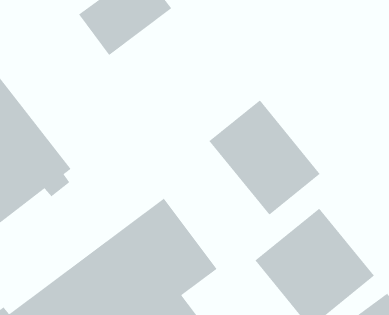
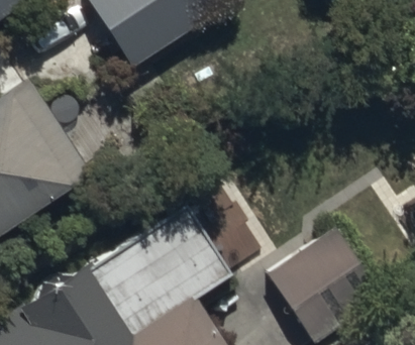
building: [209,99,321,215] -> none

